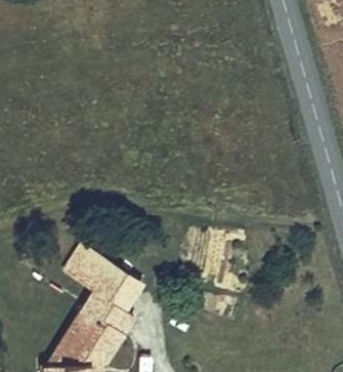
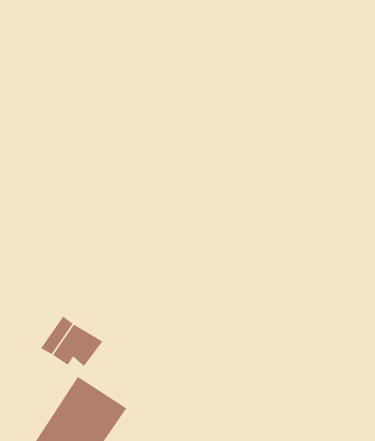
building: [94,265,140,311] -> none

